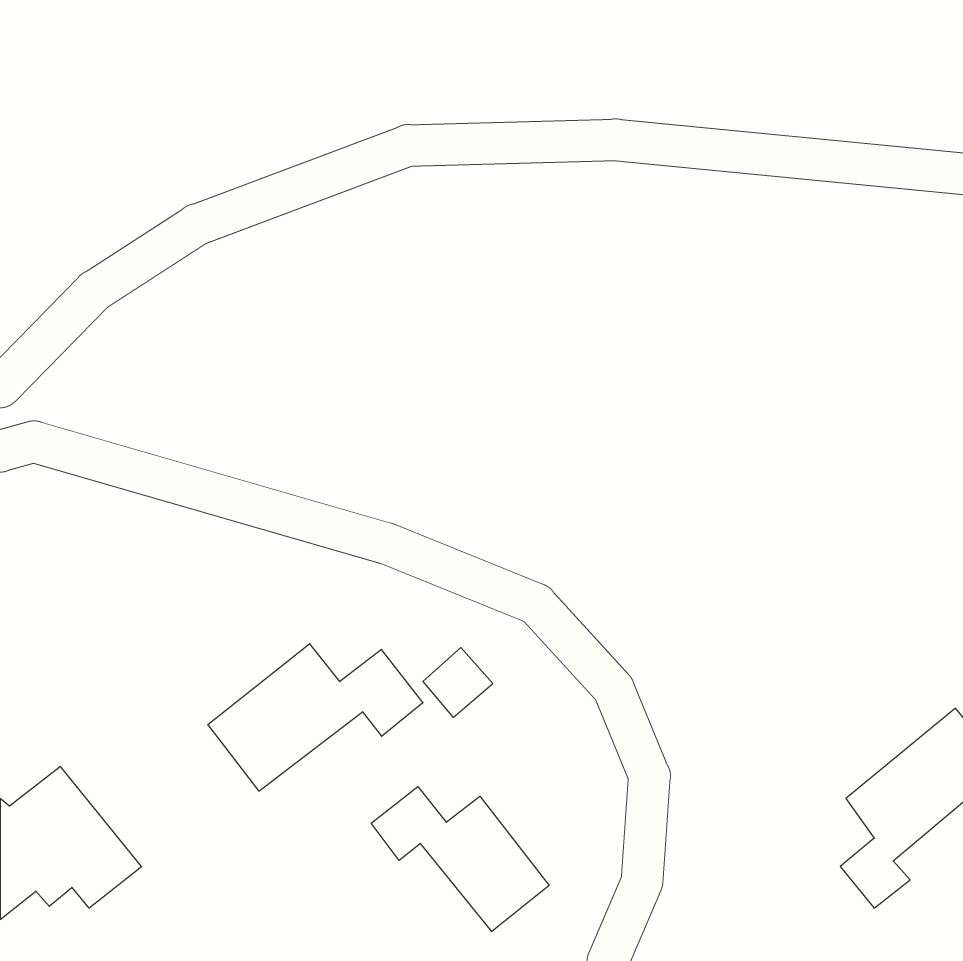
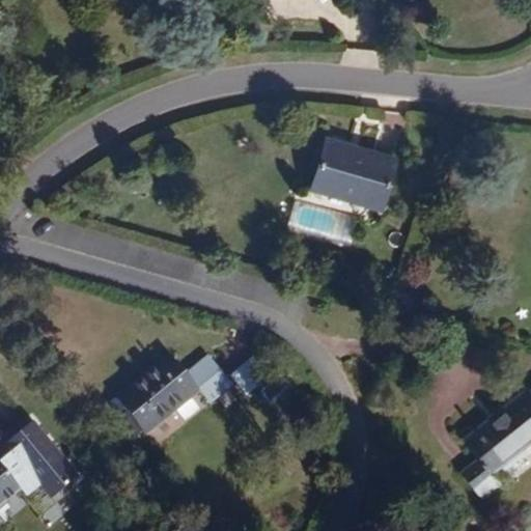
building: none -> [311,139,393,209]
building: [371,787,549,932] -> none

